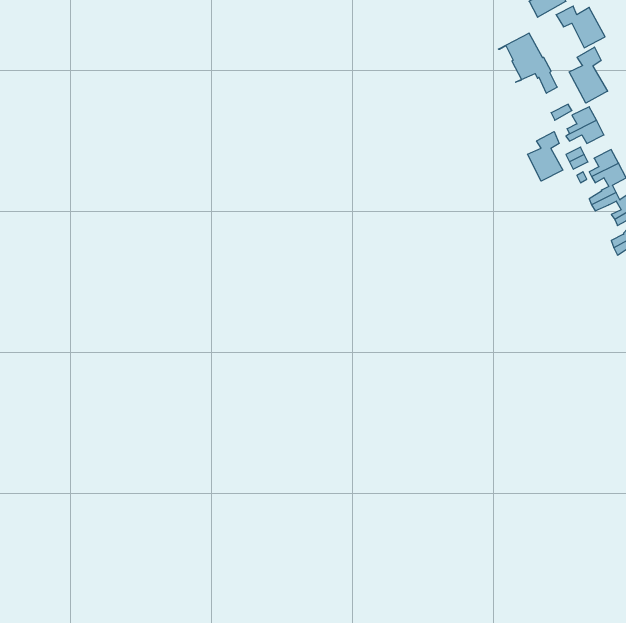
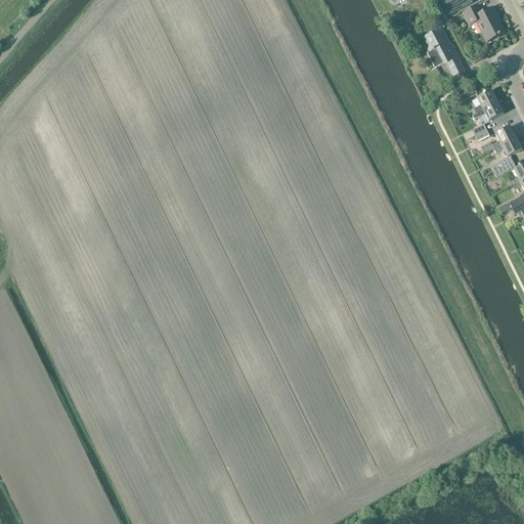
building: [569,47,608,103] -> none
building: [528,132,563,181] -> none

